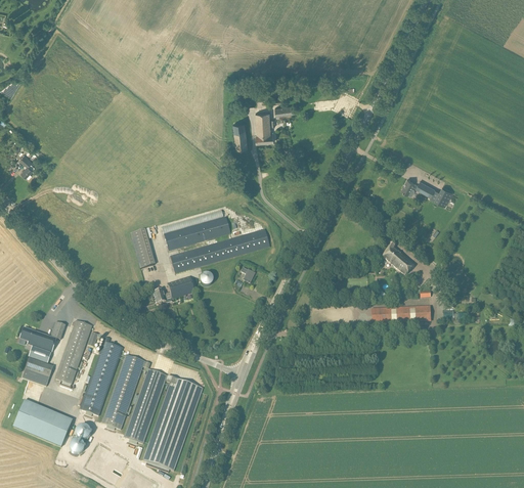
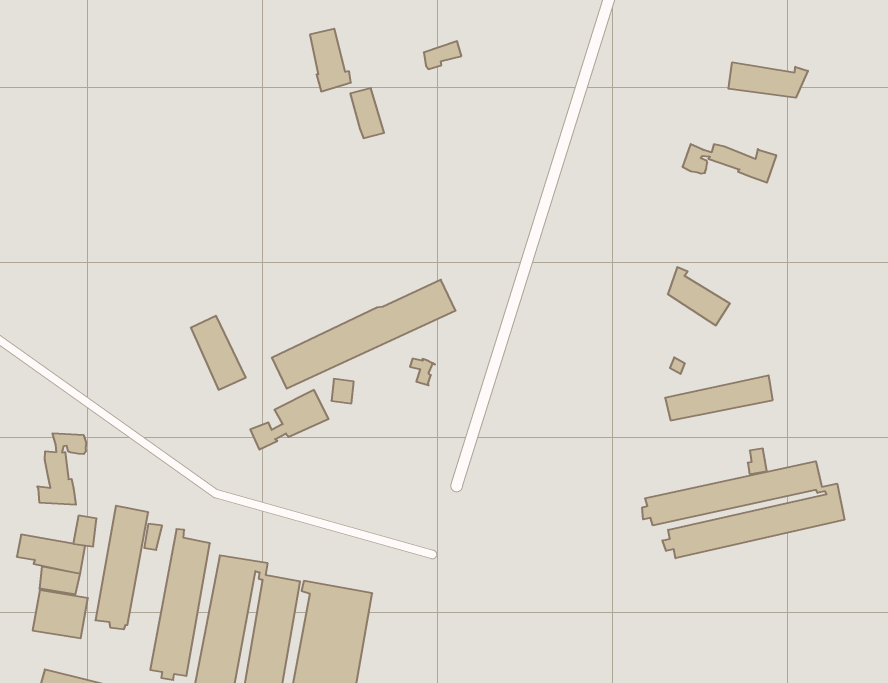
building: [256,110,273,142] -> [310,29,351,91]
building: none -> [728,62,808,98]
building: [164,216,230,251] -> none
building: none -> [37,433,86,505]
building: none -> [642,461,844,558]

